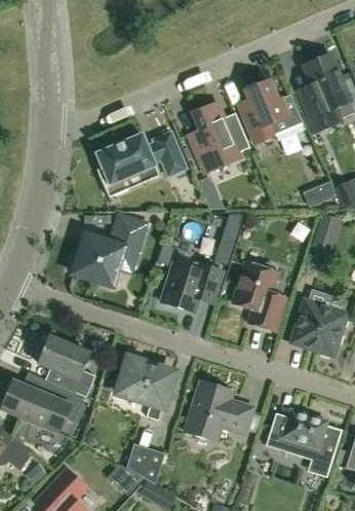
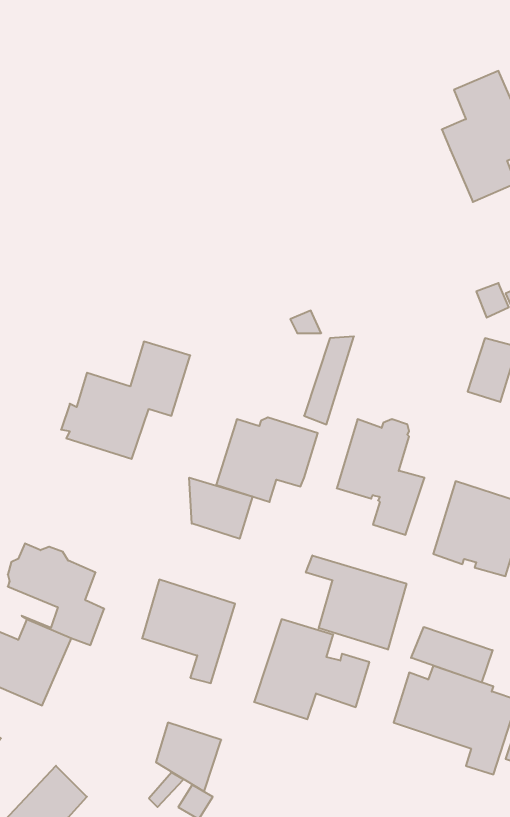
building: [238,80,306,143] -> none
building: [188,102,250,174] -> none
building: [96,132,187,197] -> none
building: none -> [189,478,252,539]
building: none -> [306,555,406,650]
building: none -> [411,627,493,682]

